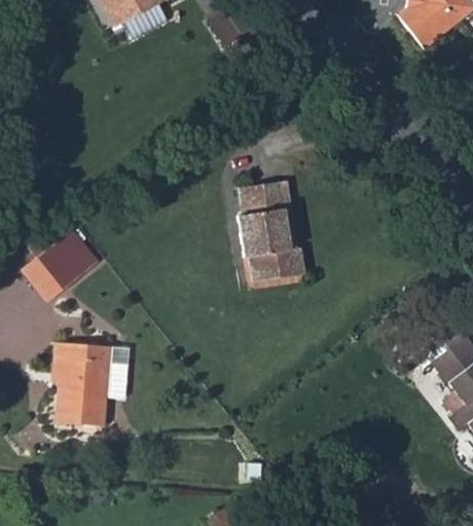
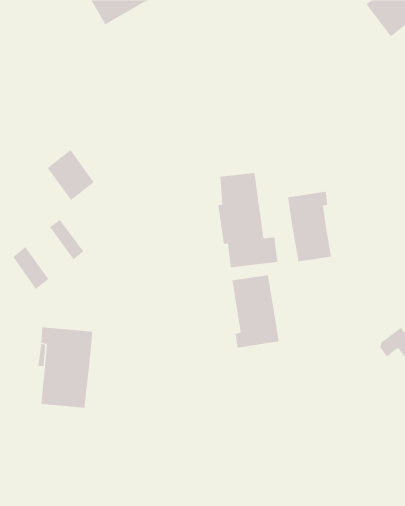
building: none -> [287,191,331,262]
building: [42,236,92,290] -> [47,149,95,201]
building: none -> [232,274,279,348]

